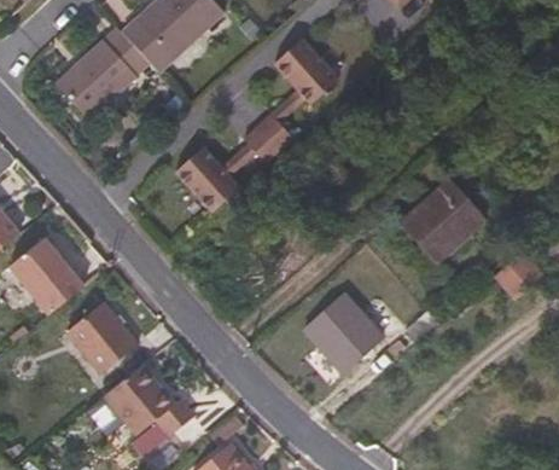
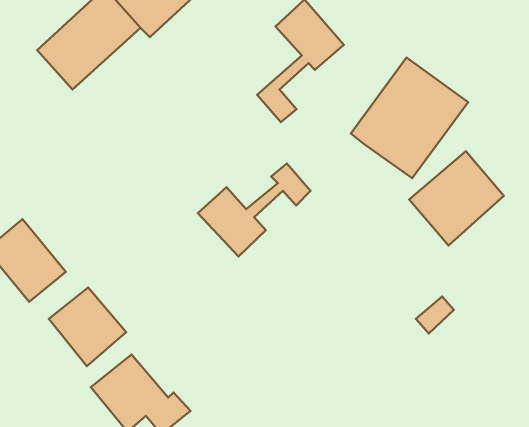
building: none -> [351,58,468,178]
building: [176,126,280,211] -> [198,163,310,256]
building: [304,295,383,373] -> none

